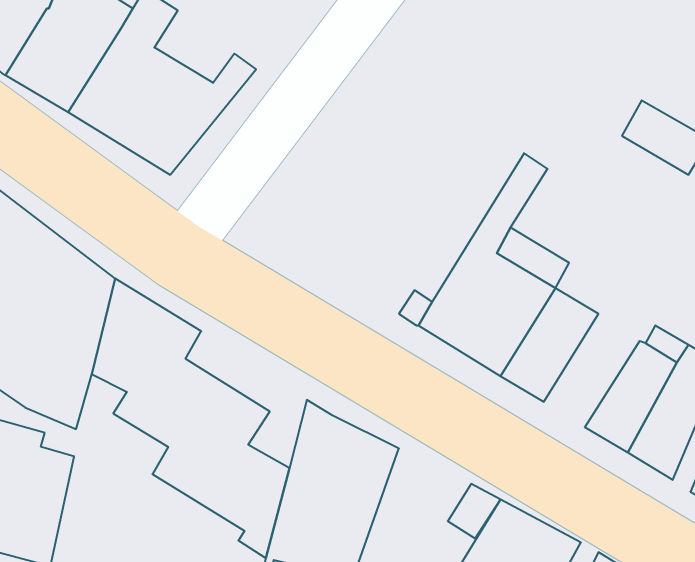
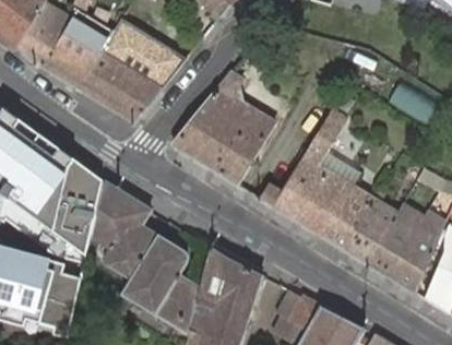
building: none -> [173,72,273,182]
building: none -> [343,189,396,262]

